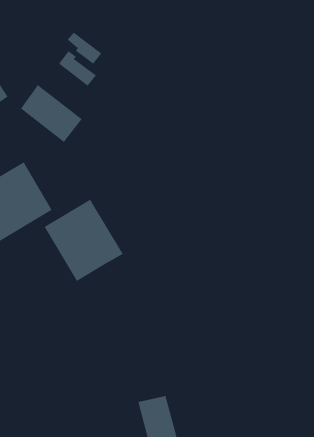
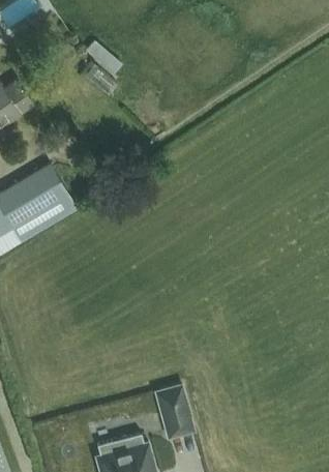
building: [20,84,82,143] -> none
building: [44,199,123,282] -> none

